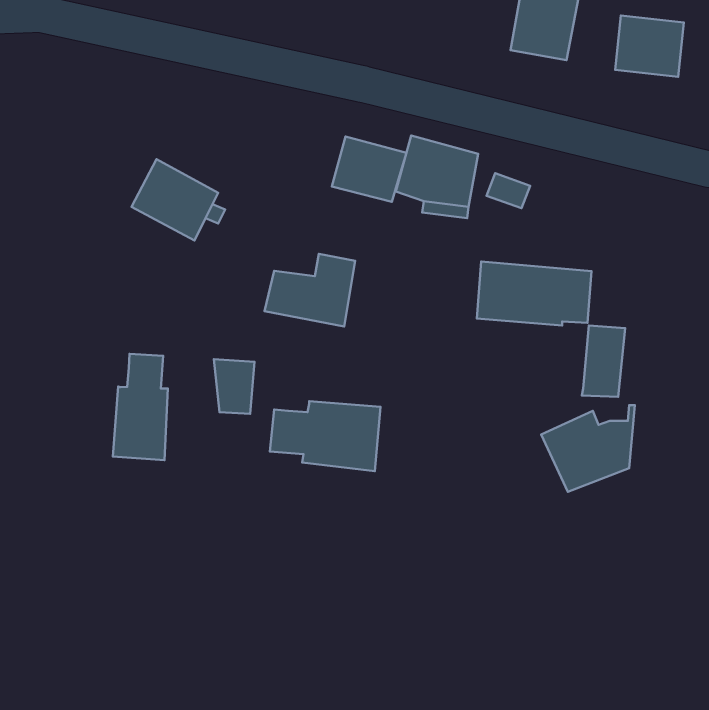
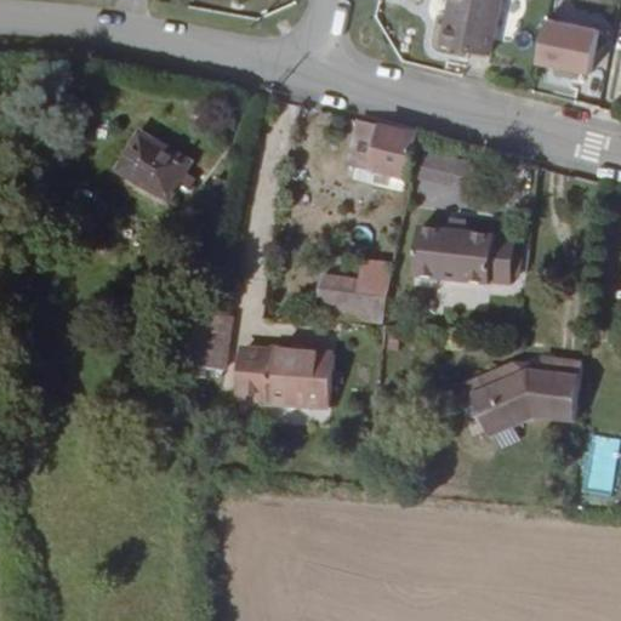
building: [332,136,406,202] -> none
building: [264,254,355,327] -> [313,263,392,326]
building: [582,326,625,397] -> [545,352,582,414]
building: [113,354,168,460] -> none

